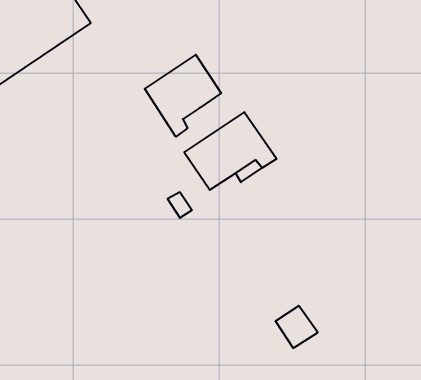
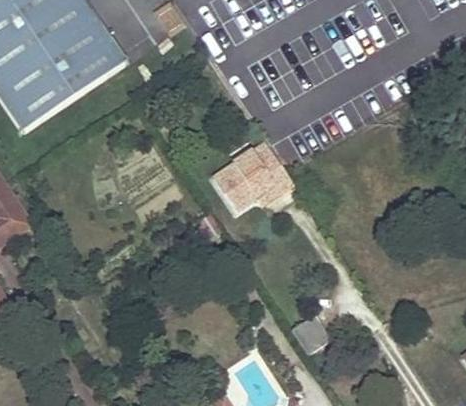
building: [145,55,221,137] -> none

